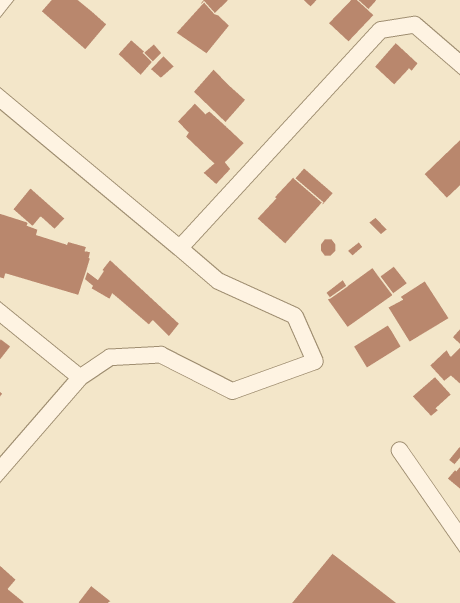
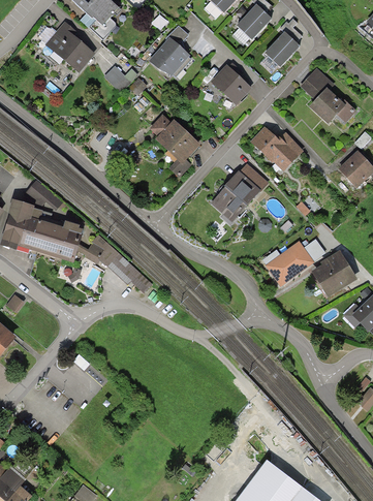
building: [193,69,246,123] -> [211,64,251,105]
building: none -> [308,88,355,125]
building: none -> [249,126,303,170]
building: [353,324,402,369] -> none
building: [412,376,452,417] -> none

